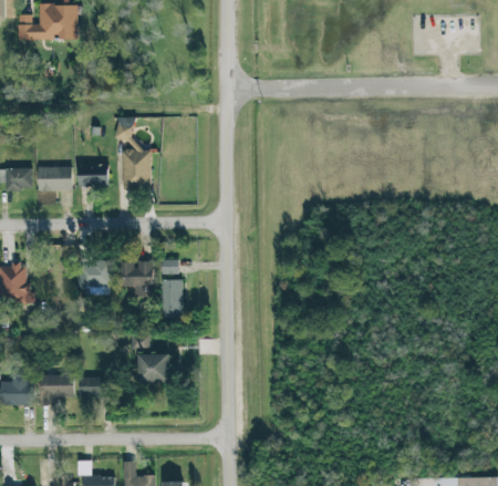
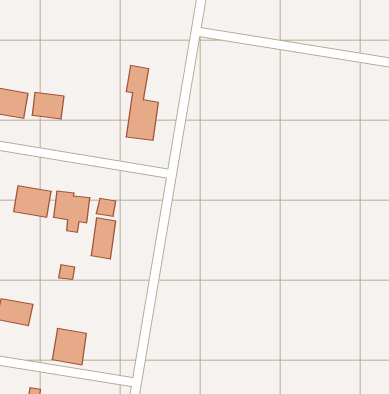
building: [116,117,152,189] -> [126,66,158,140]
building: [139,353,170,385] -> [52,328,86,365]

